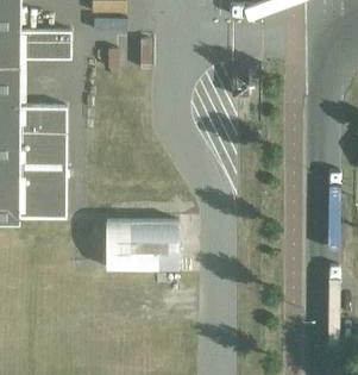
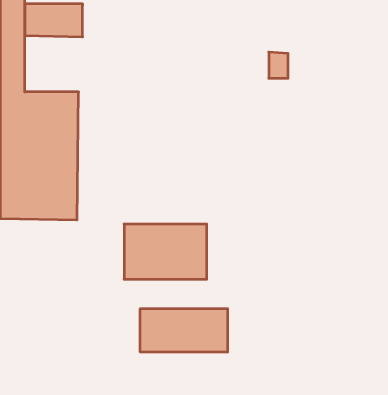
building: none -> [140,309,228,352]

